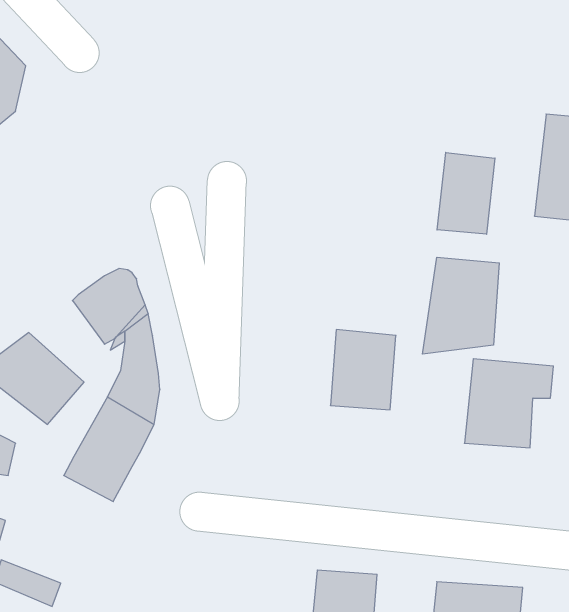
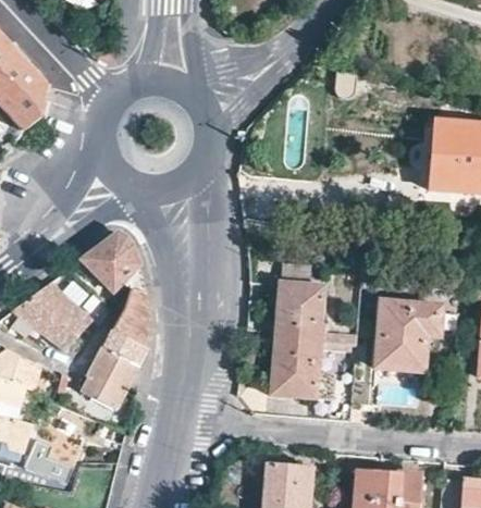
building: [437,152,495,234] -> none
building: [423,257,499,354] -> none
building: none -> [271,336,320,395]

